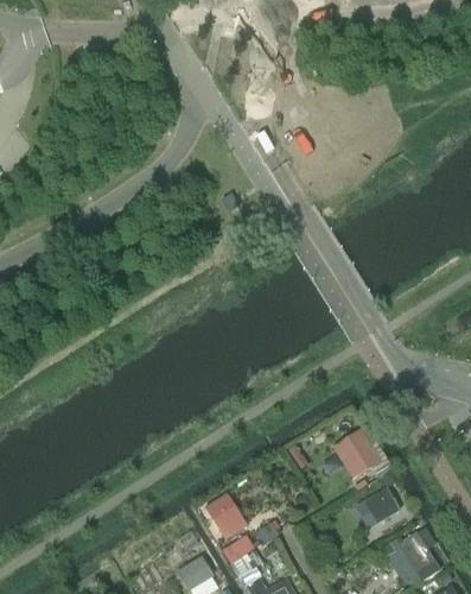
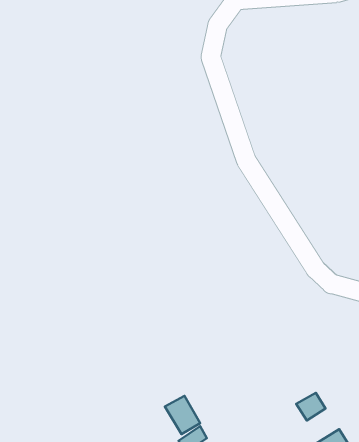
building: [335,431,380,478] -> none

